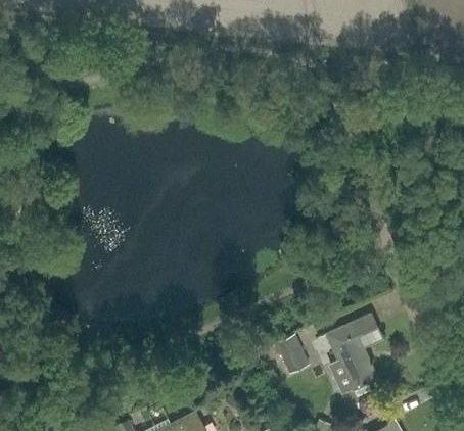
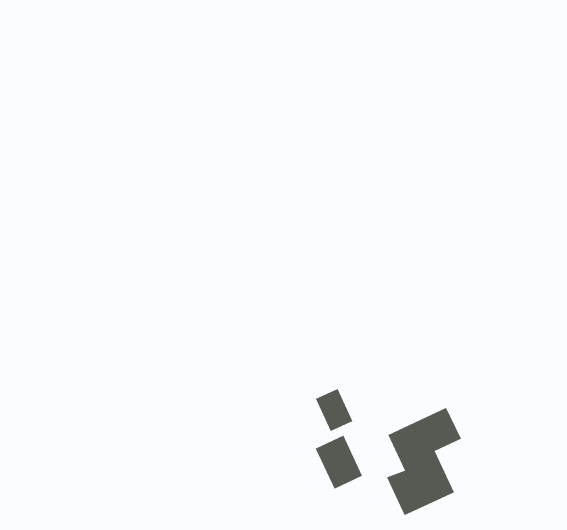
building: none -> [315,388,353,432]

